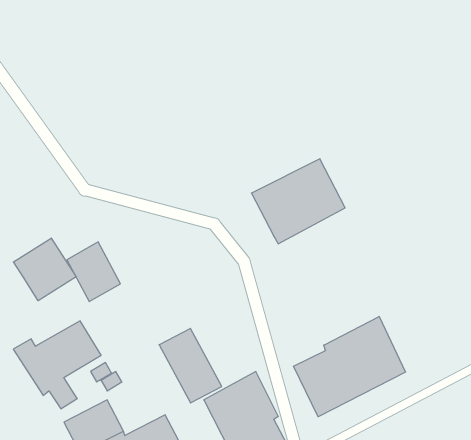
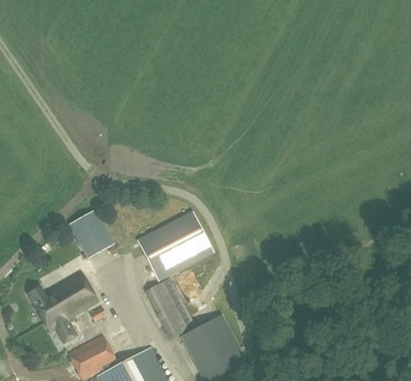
building: [251,159,345,244] -> [138,211,213,279]
building: [13,238,76,301] -> none
building: [294,316,405,417] -> none

